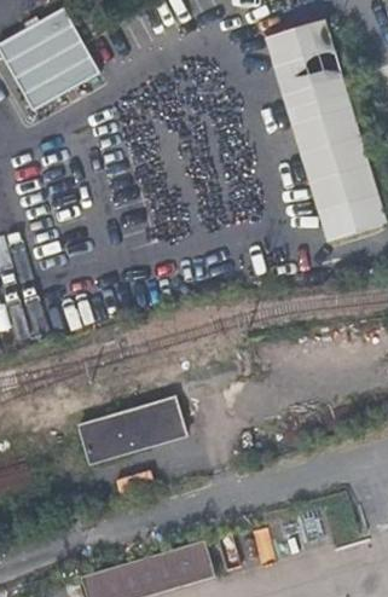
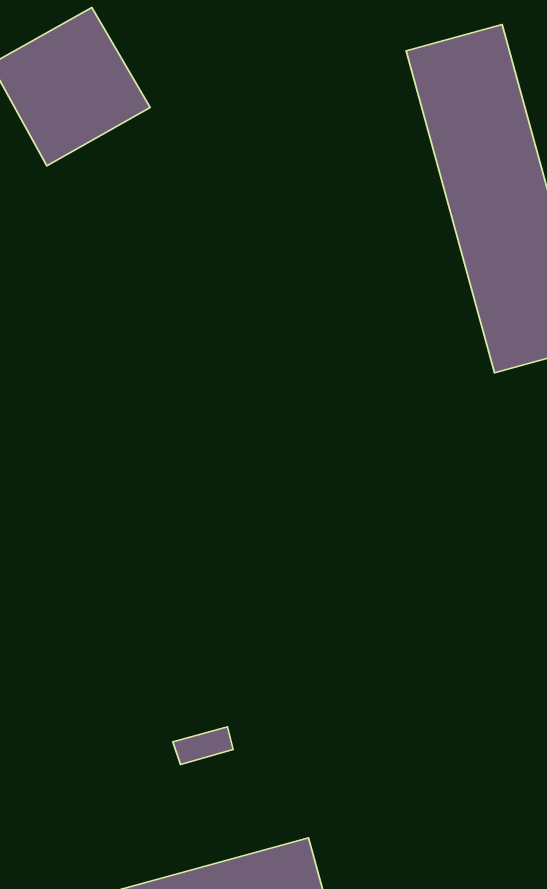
building: [81,393,190,460] -> none

